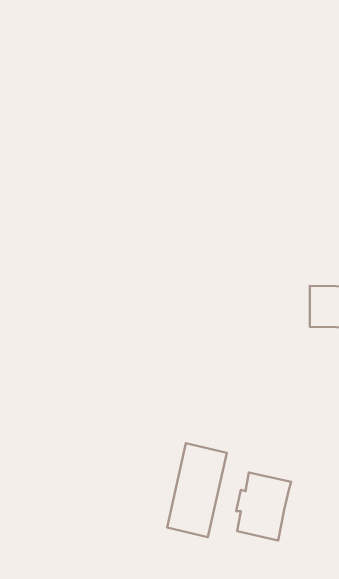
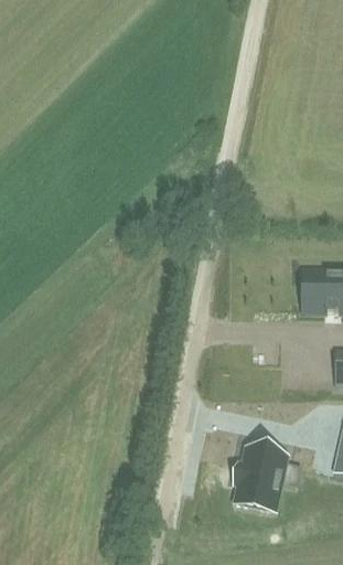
building: [167,443,227,537] -> none

